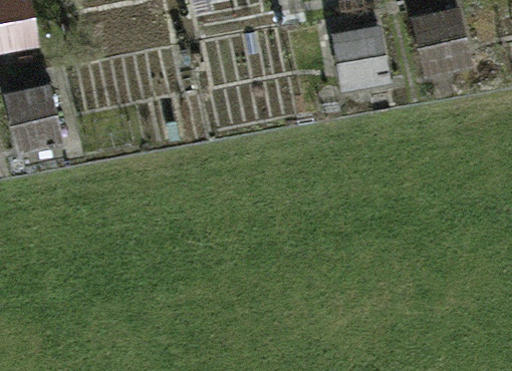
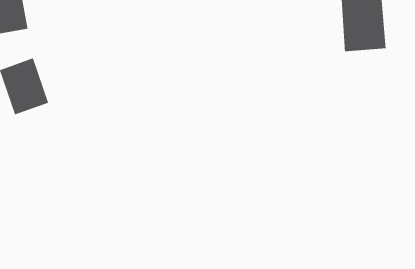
building: [333,26,390,94] -> none

